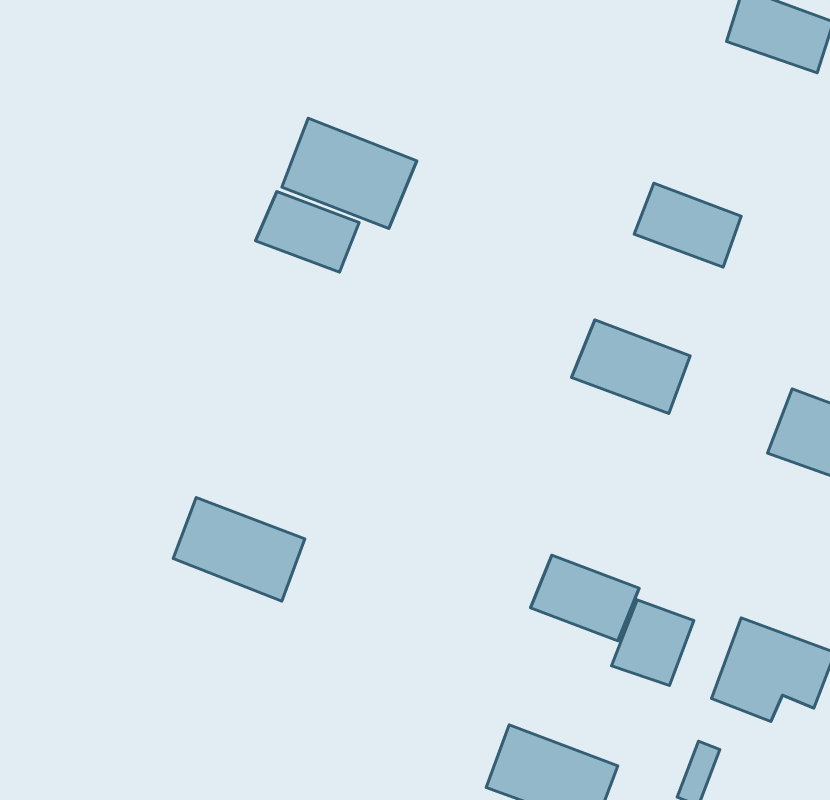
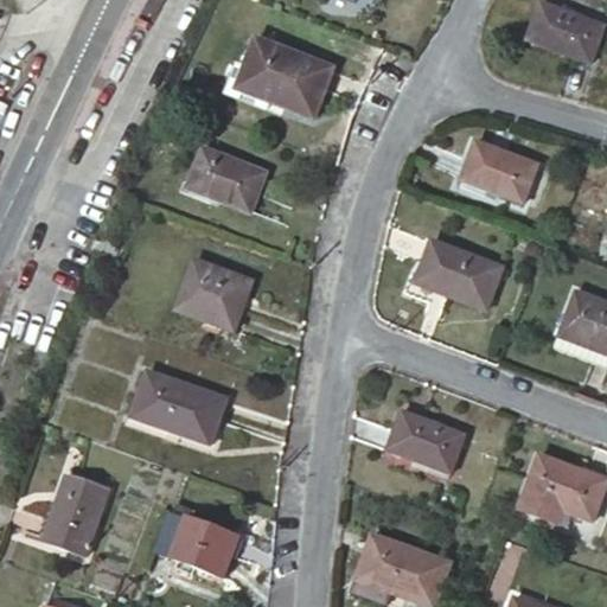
building: [282,118,417,228] -> [236,36,333,115]
building: none -> [174,258,250,327]
building: [611,600,694,686] -> none
building: none -> [41,473,110,552]
building: none -> [170,515,236,575]

